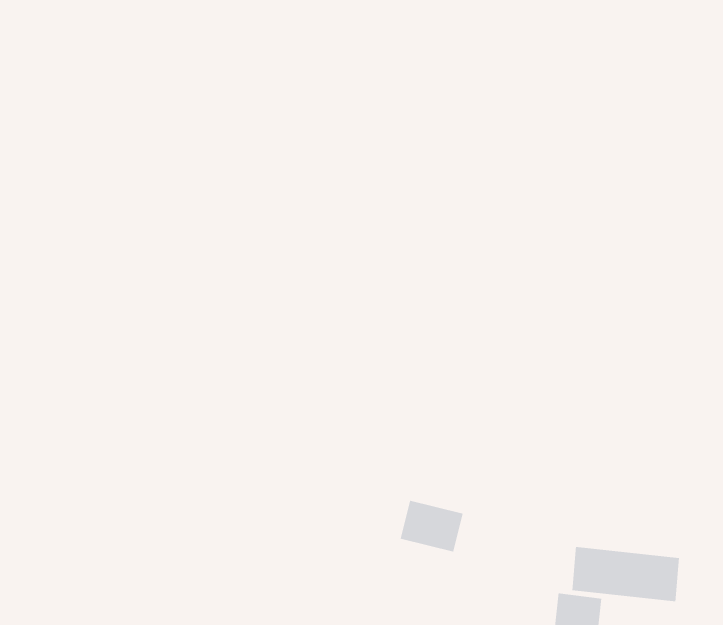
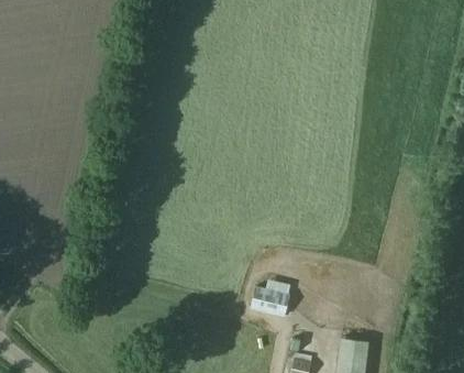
building: [572,546,679,602] -> none

